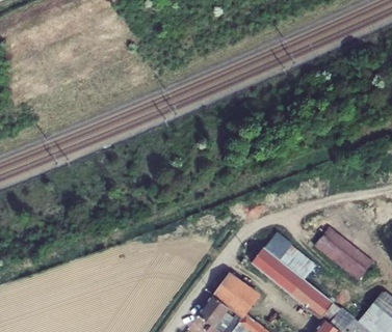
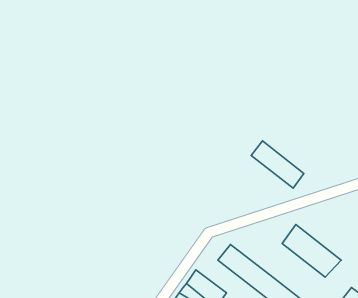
building: [263,232,315,279] -> [251,141,304,188]

